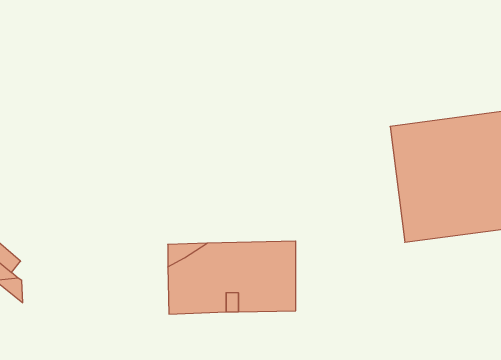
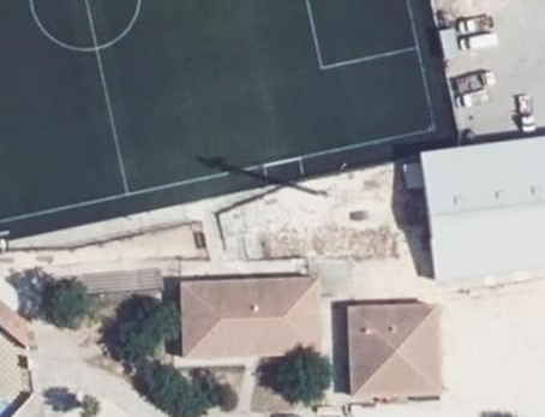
building: none -> [348,304,438,395]

